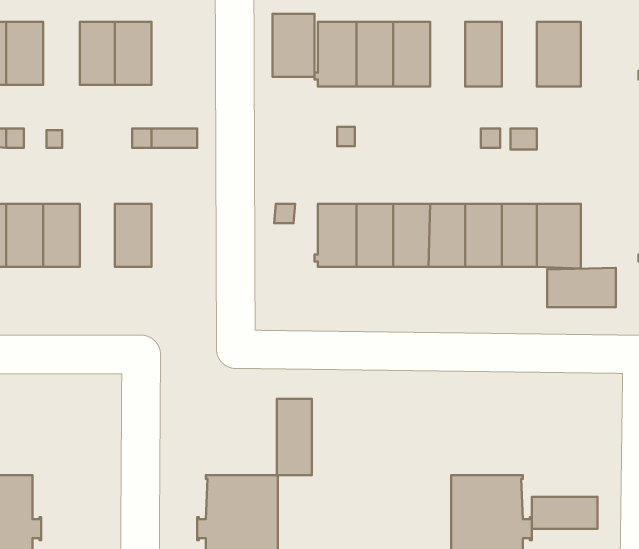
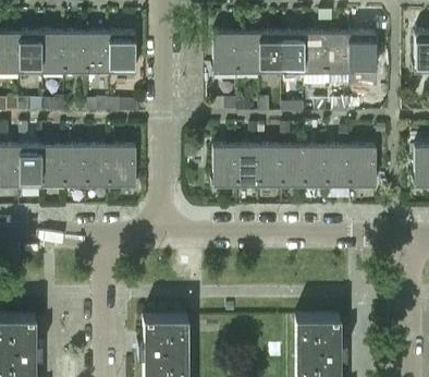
building: [272,14,314,77] -> [110,33,136,72]
building: none -> [42,33,65,72]
building: none -> [283,33,305,73]
building: none -> [328,33,350,73]
building: none -> [65,146,87,185]
building: none -> [110,146,136,185]
building: [547,268,616,307] -> none
building: [277,399,312,475] -> none
building: [532,497,597,529] -> none

